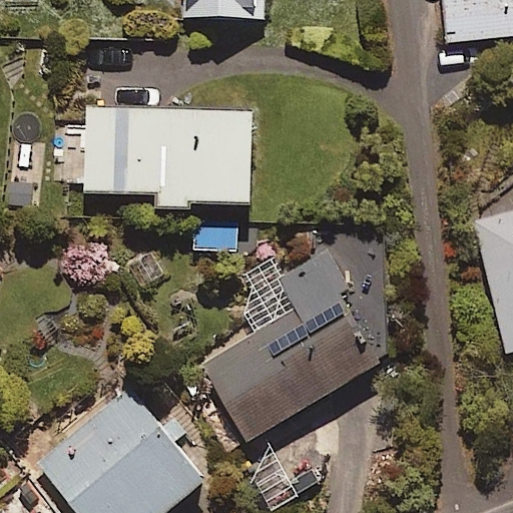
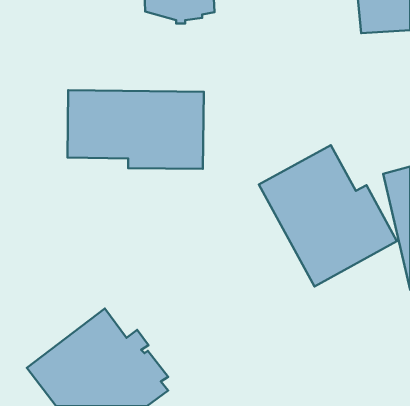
building: none -> [259,145,397,286]
building: [201,248,384,440] -> none

